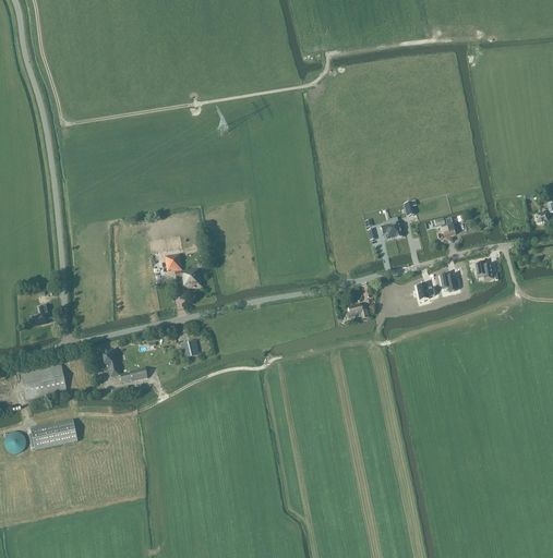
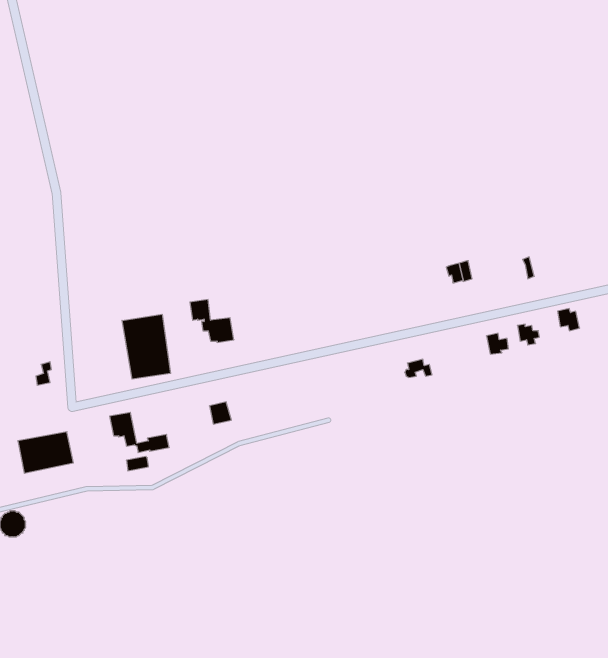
building: none -> [122,314,171,379]
building: [31,418,77,449] -> none

